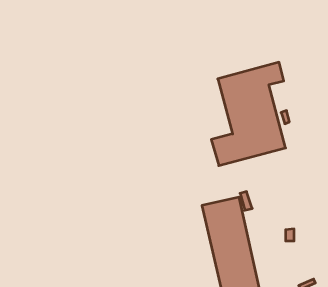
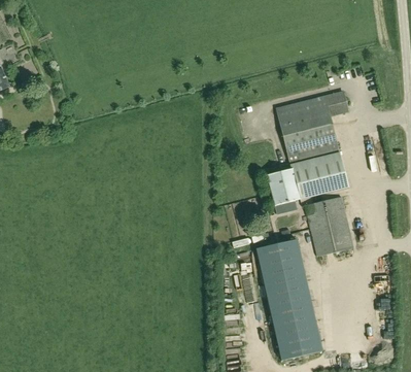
building: none -> [305,196,353,256]

